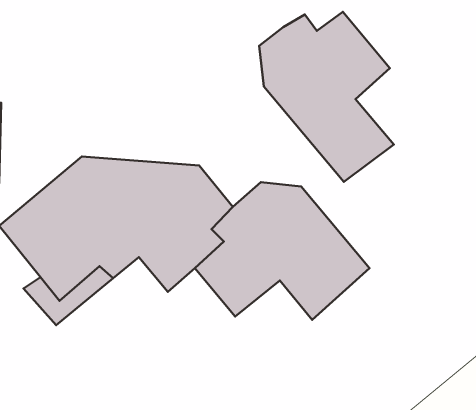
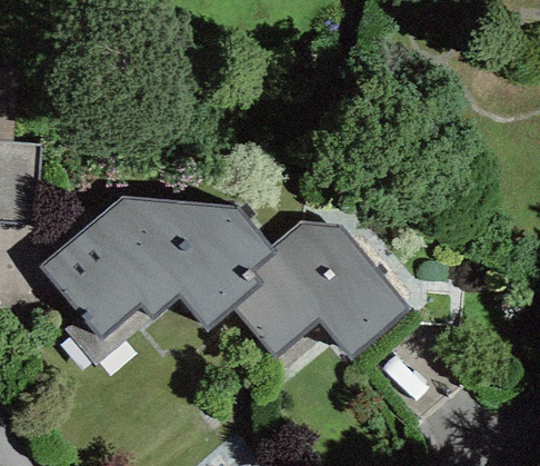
building: [259,12,394,182] -> none

